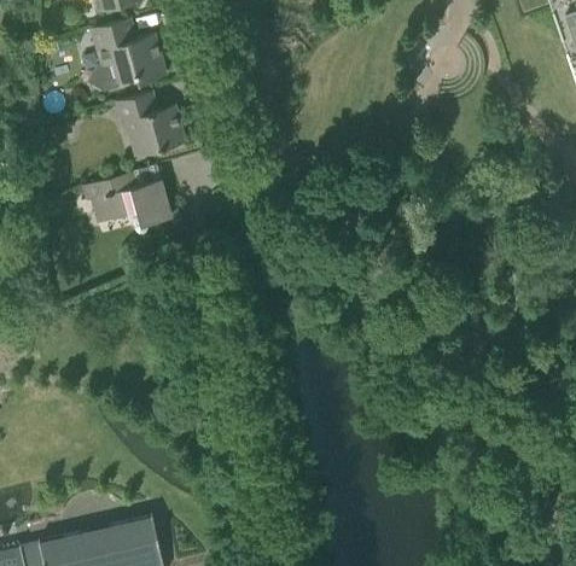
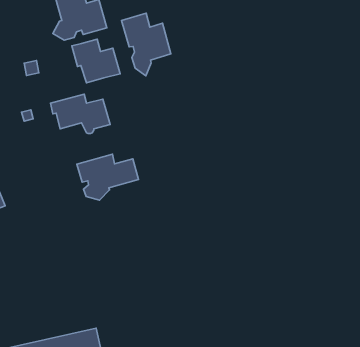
building: none -> [121,13,171,76]
building: none -> [77,154,138,200]

